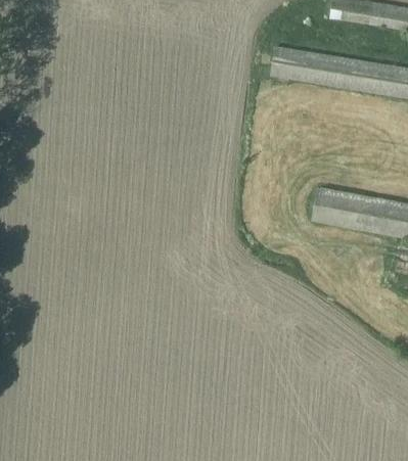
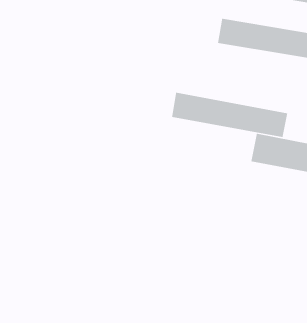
building: none -> [172,92,288,138]

